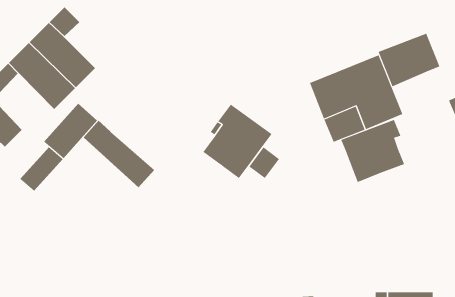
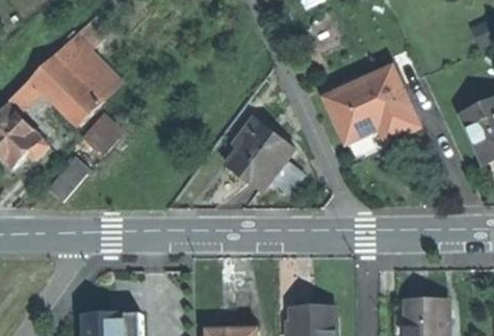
building: [378,33,440,87] -> none
building: [341,119,405,183] -> none
building: [83,120,155,188] -> none

